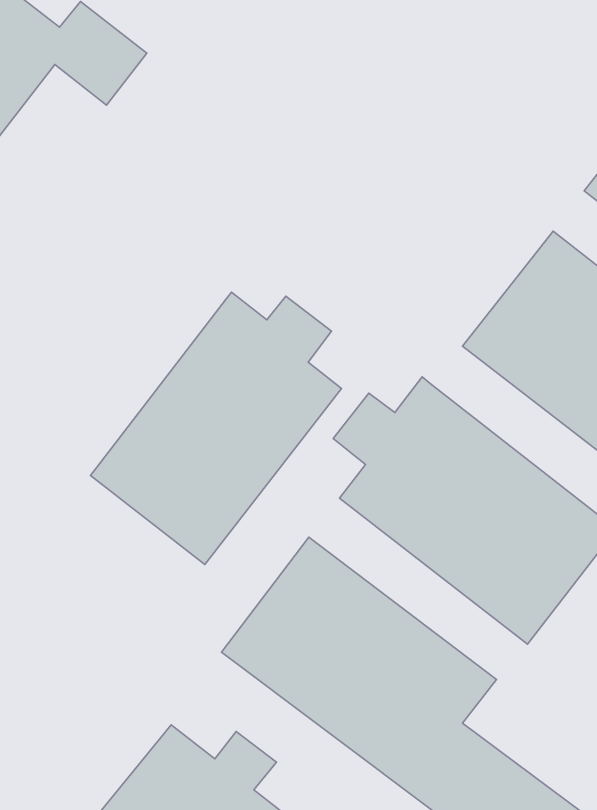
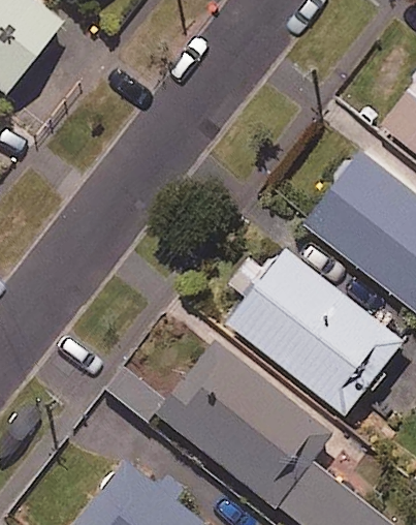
building: [90,292,342,565] -> none

